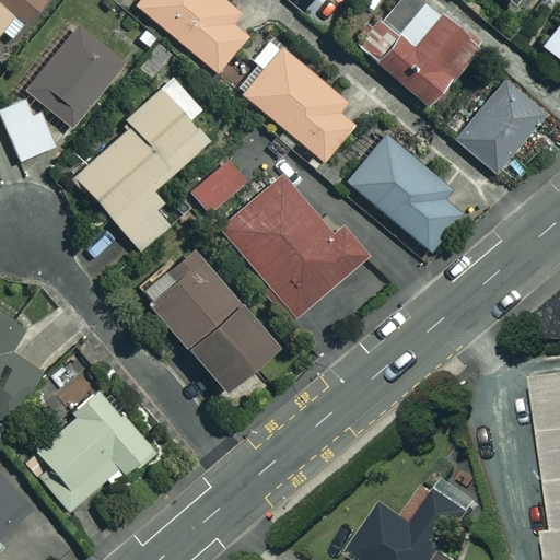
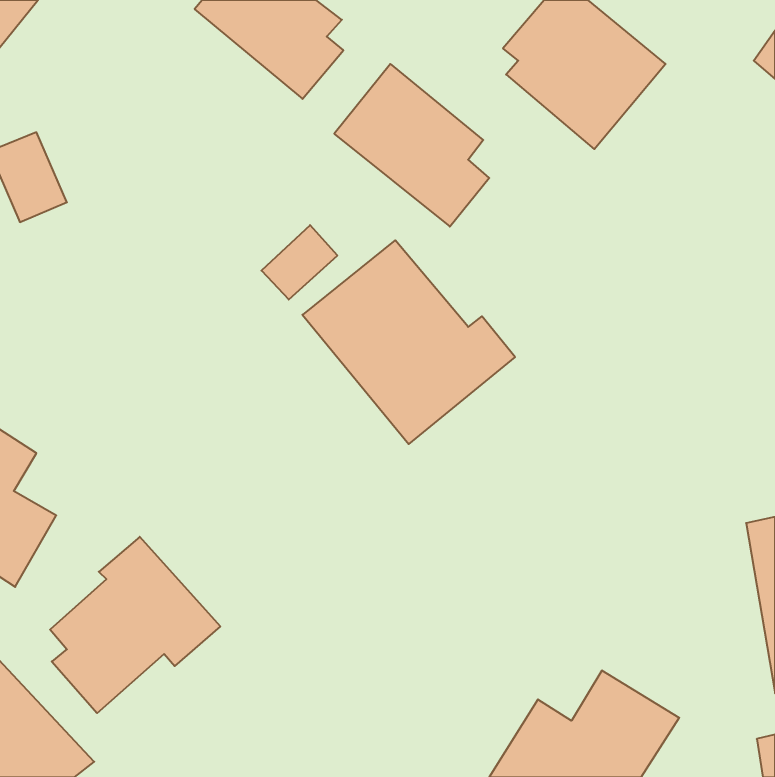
building: [21,27,118,127] -> none
building: [72,74,207,252] -> none
building: [456,81,550,178] -> none
building: [348,135,463,250] -> none
building: [151,257,279,389] -> none

